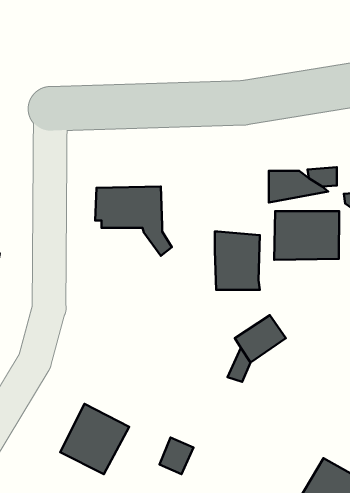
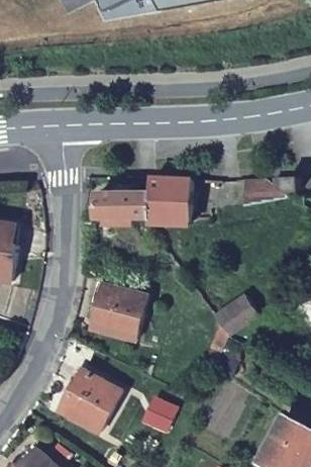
building: [274,211,339,260] -> none
building: [215,232,260,290] -> [148,174,186,222]
building: none -> [86,282,144,336]

